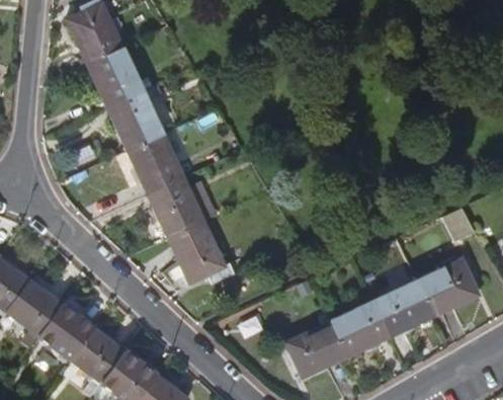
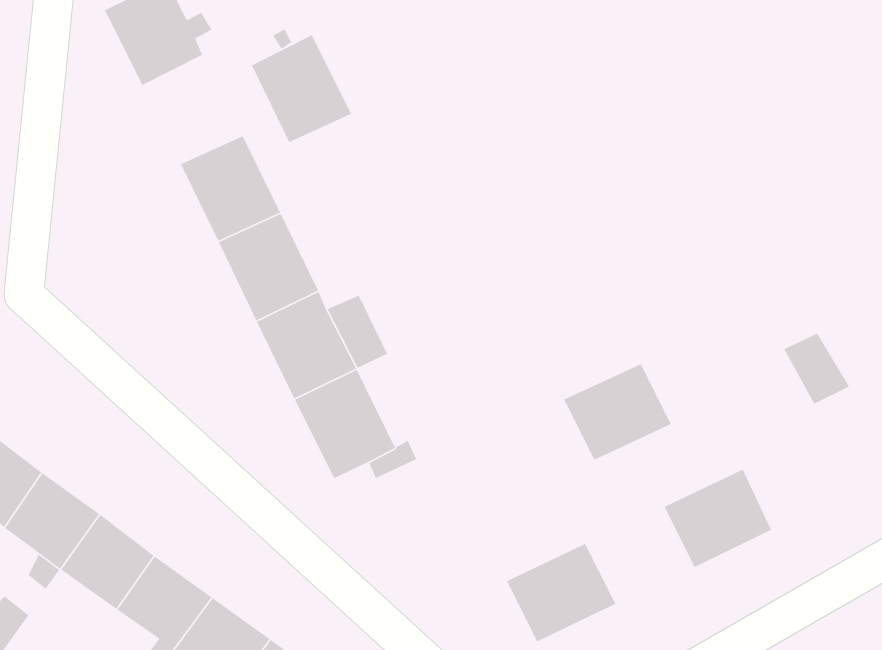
building: [85,48,142,108] -> [251,34,352,143]
building: [421,257,484,313] -> none
building: [333,300,394,354] -> [563,363,672,461]

